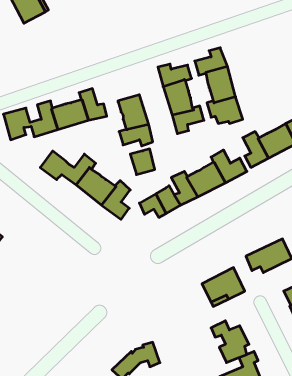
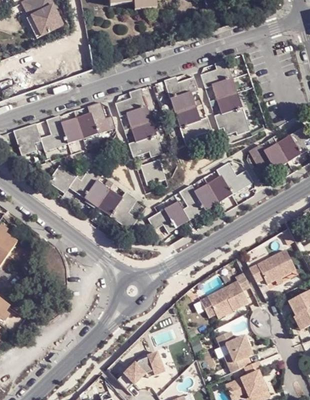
building: none -> [117,89,148,117]

